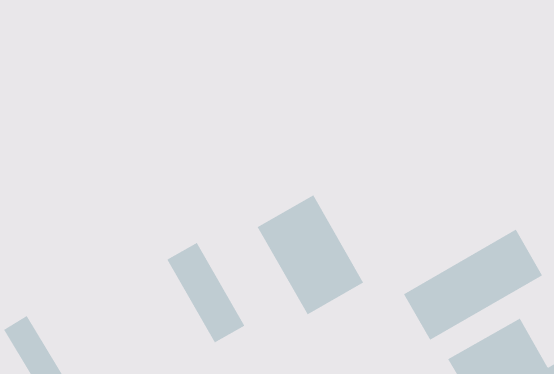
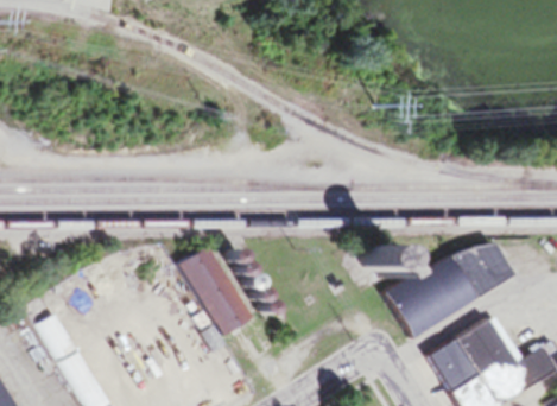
building: [257,194,364,315] -> none

